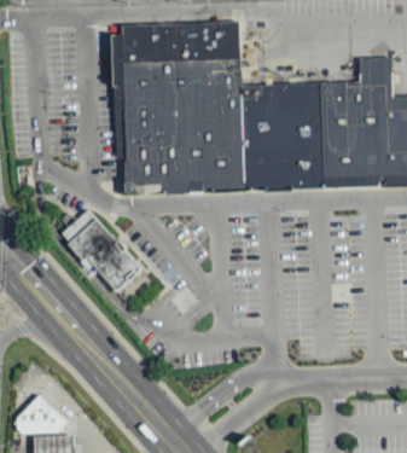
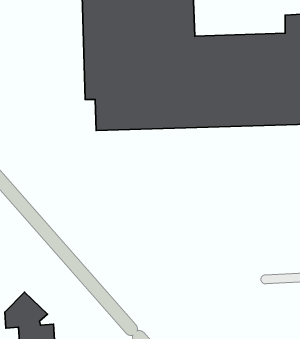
building: [59,208,143,291] -> none

